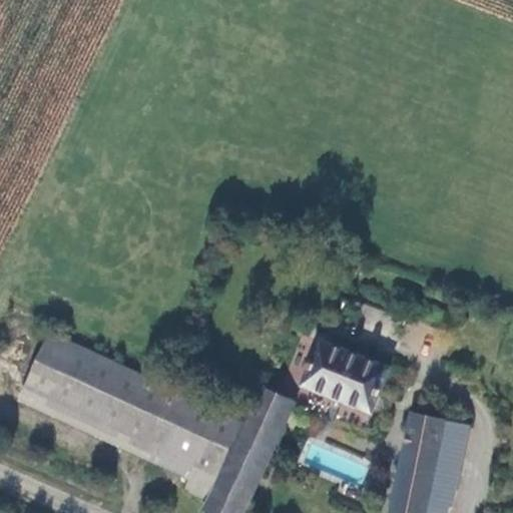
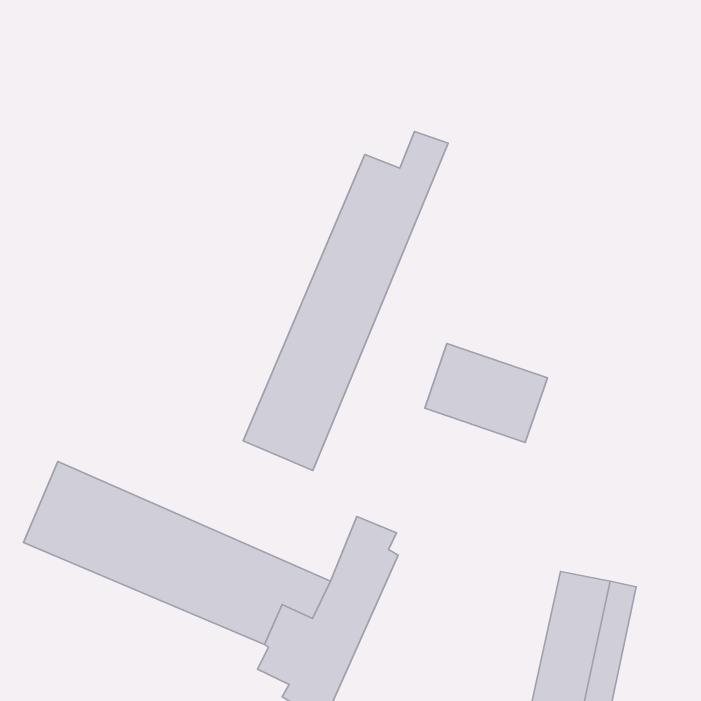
building: none -> [243,131,448,470]
building: [303,341,392,413] -> [425,343,547,443]

